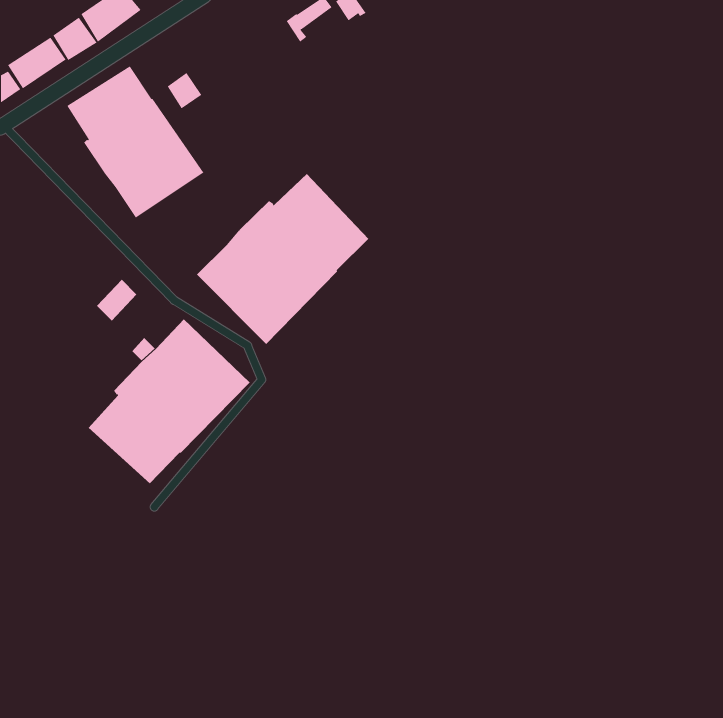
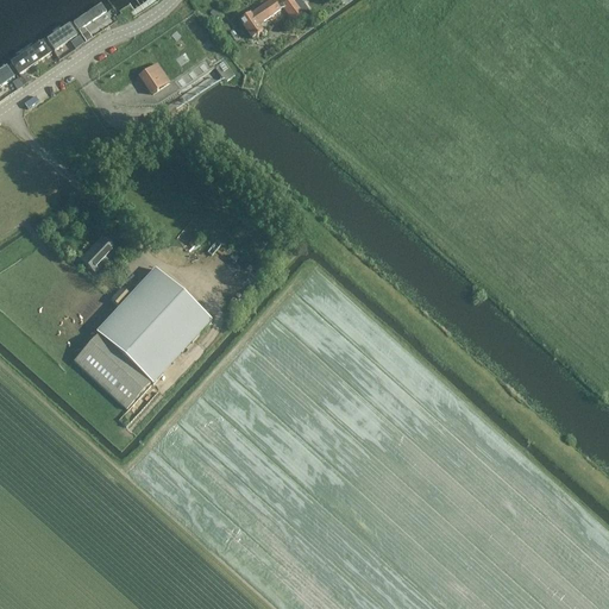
building: [66,66,204,219] -> none
building: [196,173,369,345] -> none

